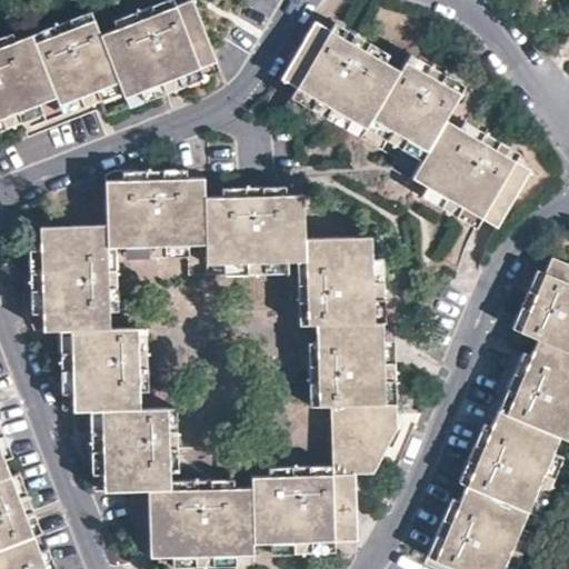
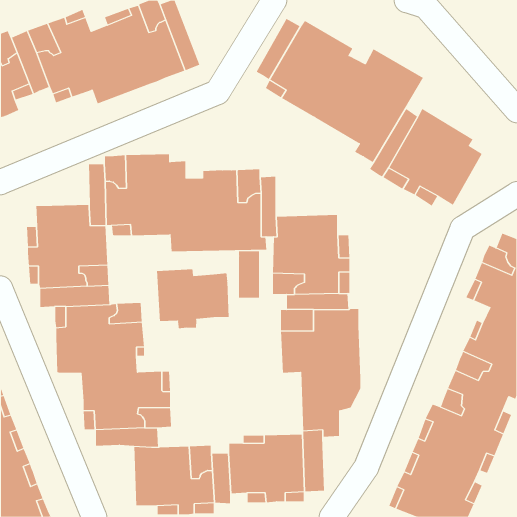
building: none -> [238,251,260,299]
building: none -> [157,268,229,329]

